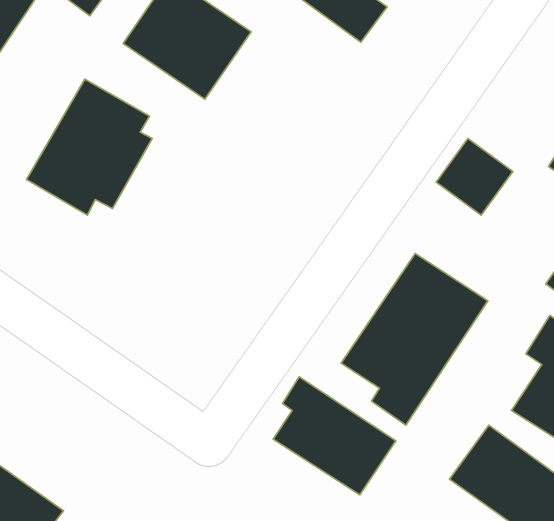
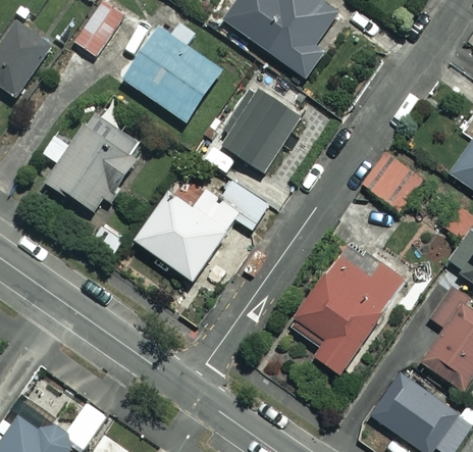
building: none -> [220,89,300,172]
building: none -> [136,181,268,280]
building: [273,377,396,495] -> none

